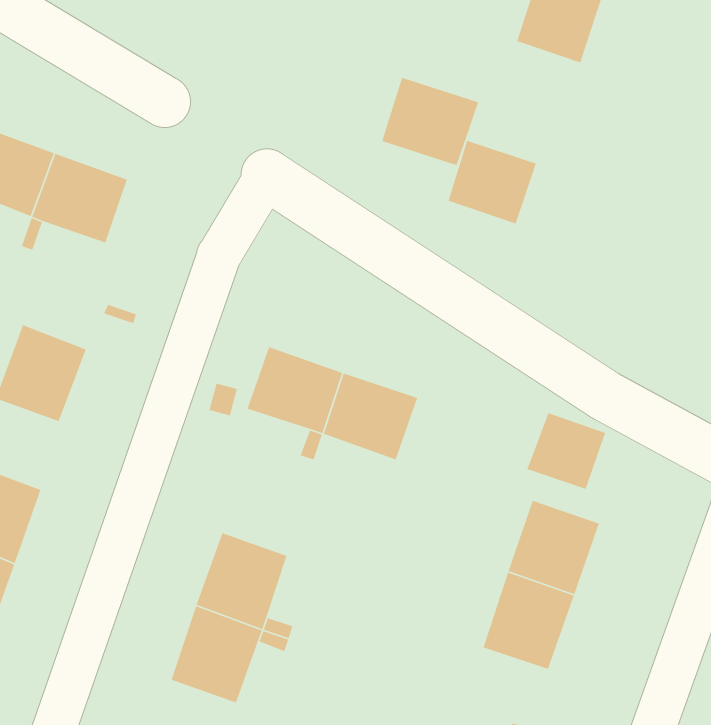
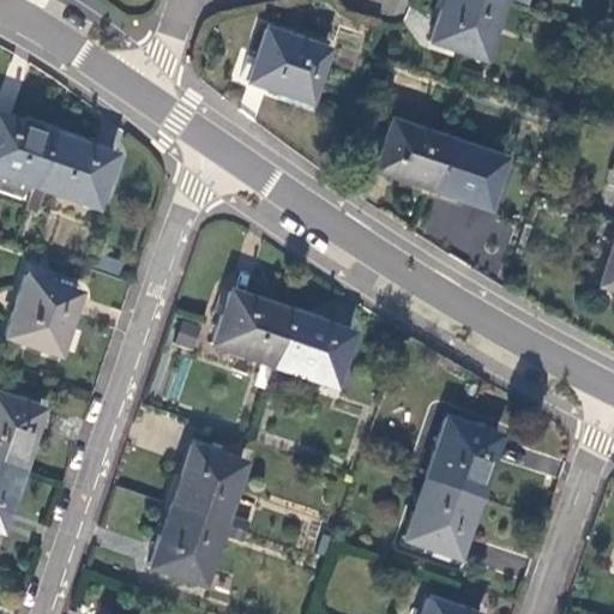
building: [381,77,479,166] -> [252,29,332,102]
building: none -> [434,140,506,209]
building: [526,412,606,490] -> none

